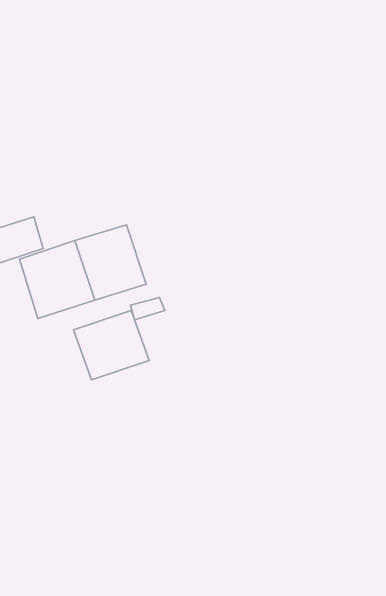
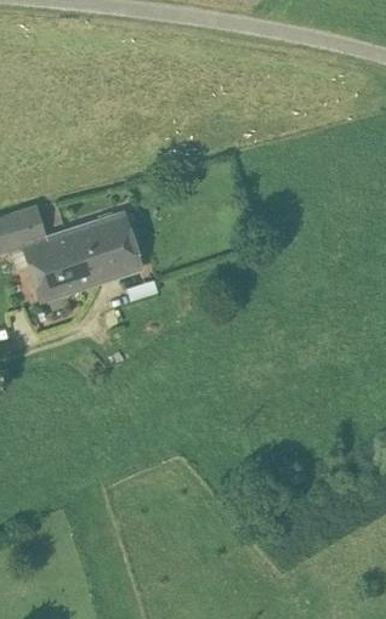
building: [73,311,149,380] -> none

